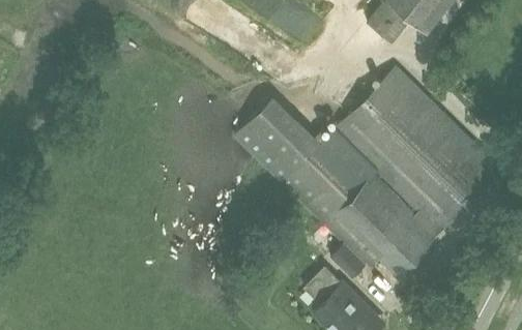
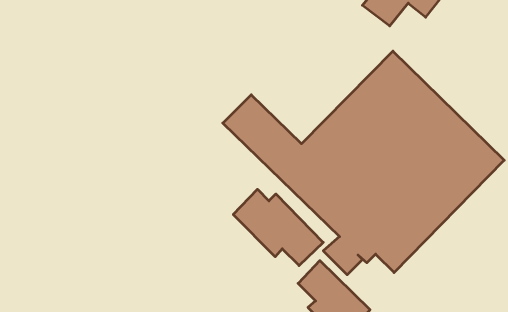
building: none -> [233,189,323,266]

